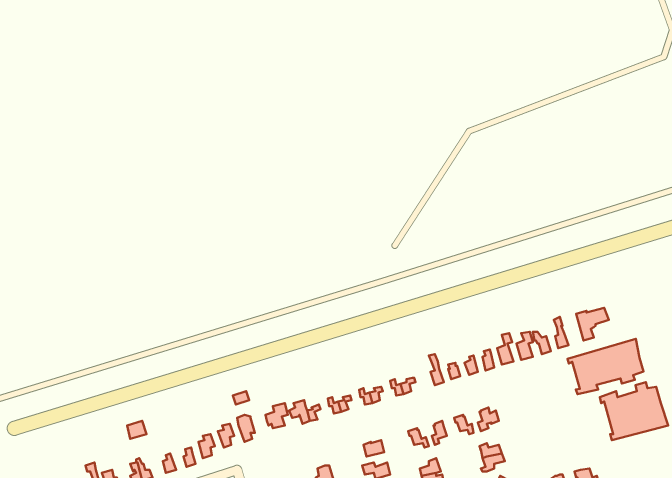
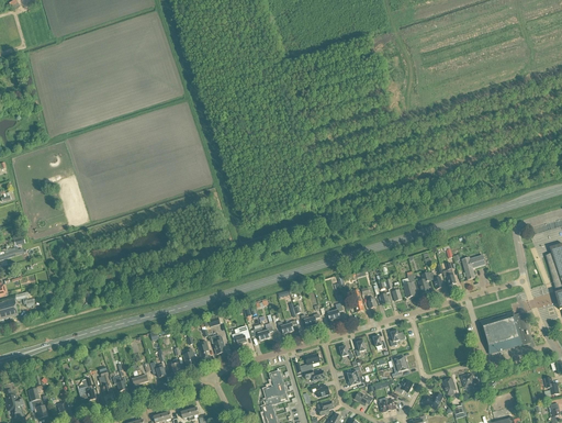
building: [567,339,643,394] -> none

